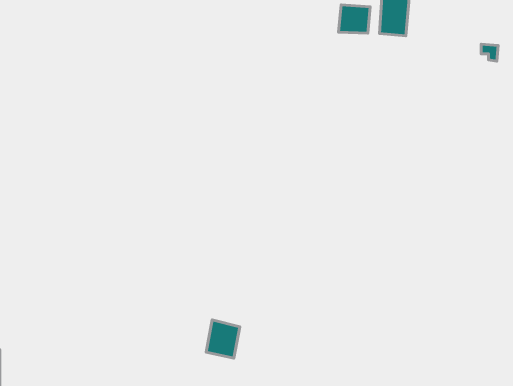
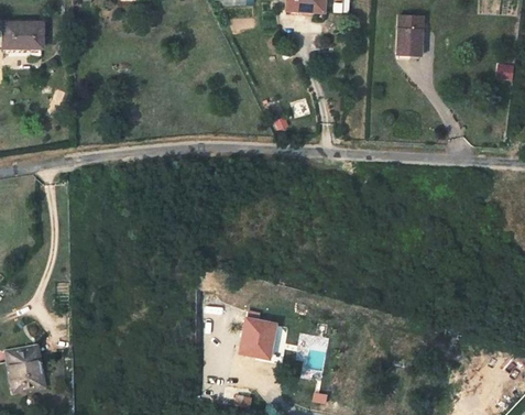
building: [339,5,370,33] -> none

